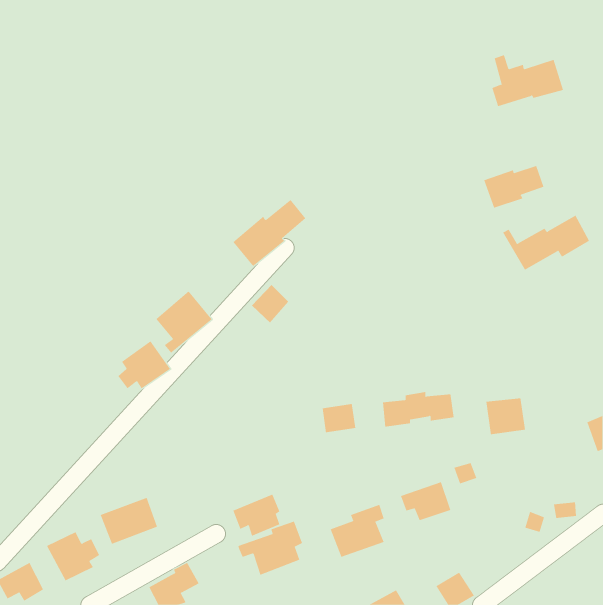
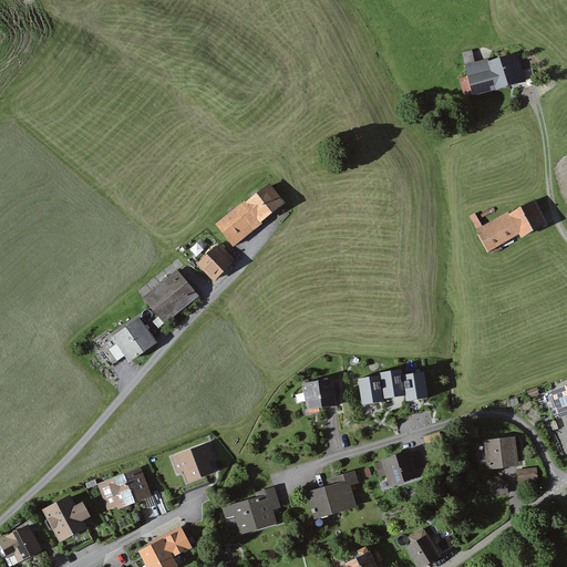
building: [484,165,544,209] -> none
building: [251,284,289,323] -> [200,245,236,281]
building: [485,398,526,435] -> [481,432,518,466]
building: [233,494,280,536] -> [168,440,213,480]

